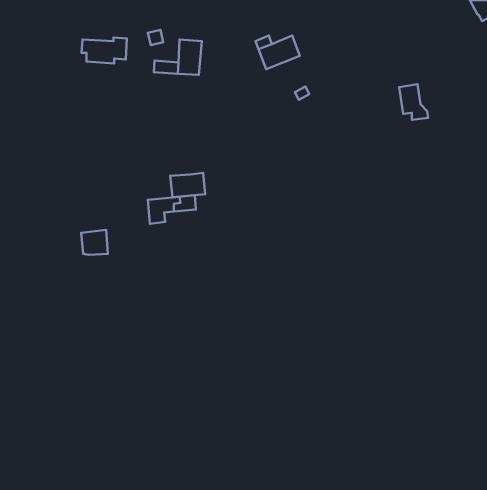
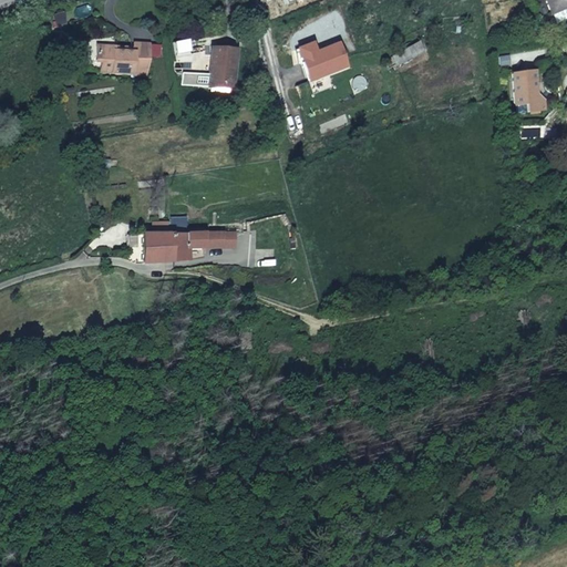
building: [399,84,428,120] -> [515,74,548,115]
building: [170,173,205,197] -> none
building: [81,230,108,255] -> [146,231,177,260]

